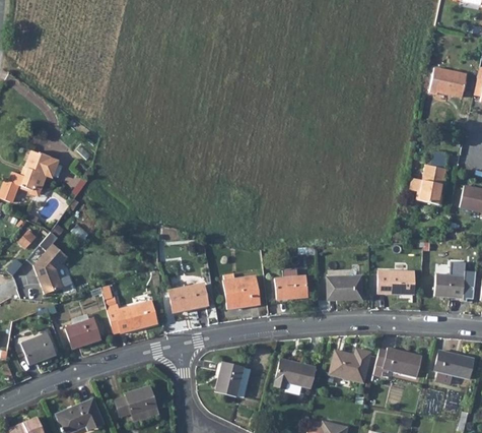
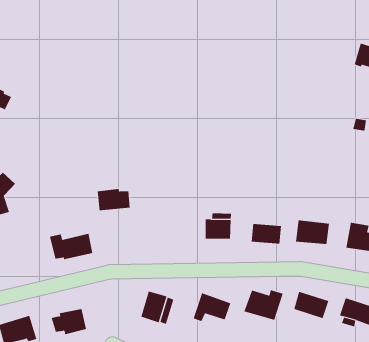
building: [408,166,445,207] -> none
building: [225,274,261,307] -> none
building: [169,283,208,309] -> [97,188,130,211]
building: [67,321,100,351] -> none

